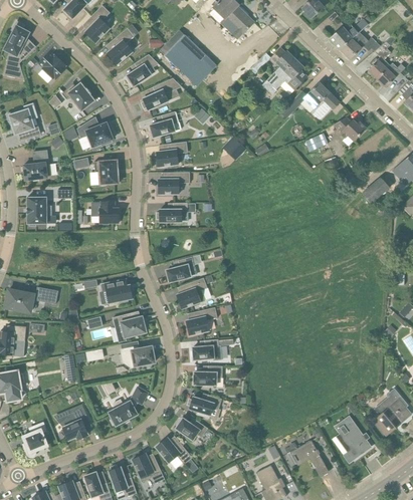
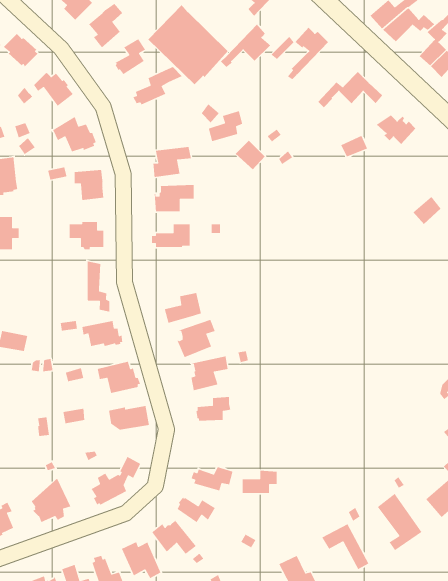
building: [267,59,307,94] -> [220,23,271,68]
building: [150,111,178,137] -> [208,110,243,142]
building: none -> [87,261,110,313]
building: [194,365,222,385] -> [242,470,277,494]

